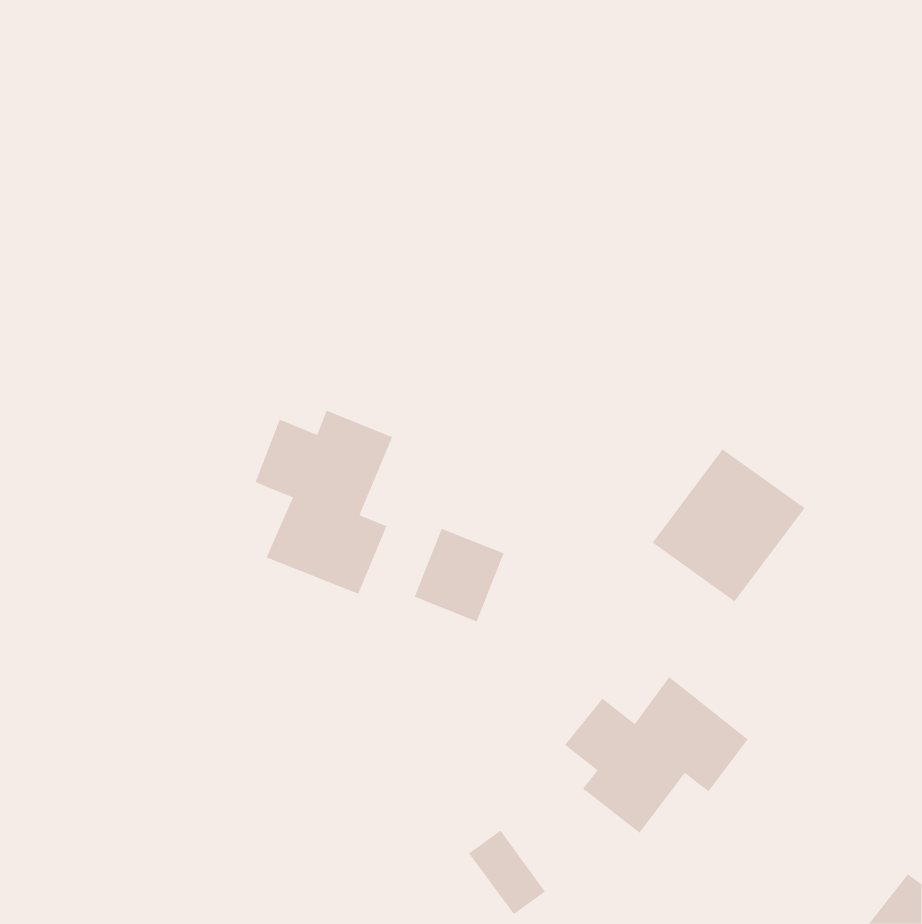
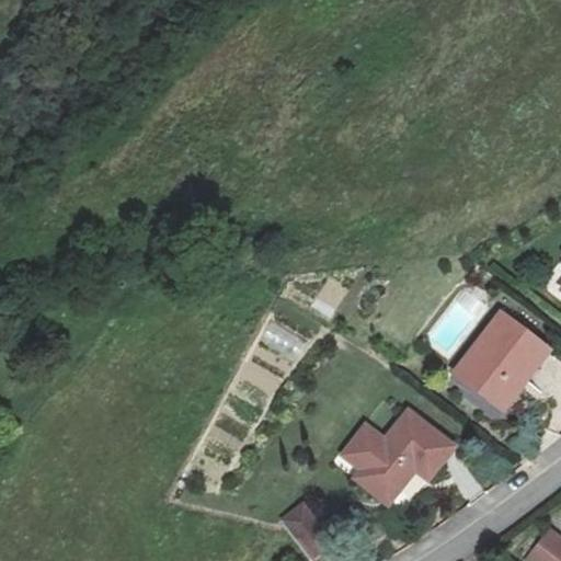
building: [255,410,393,594] -> none
building: [652,449,805,602] -> [455,313,548,407]

